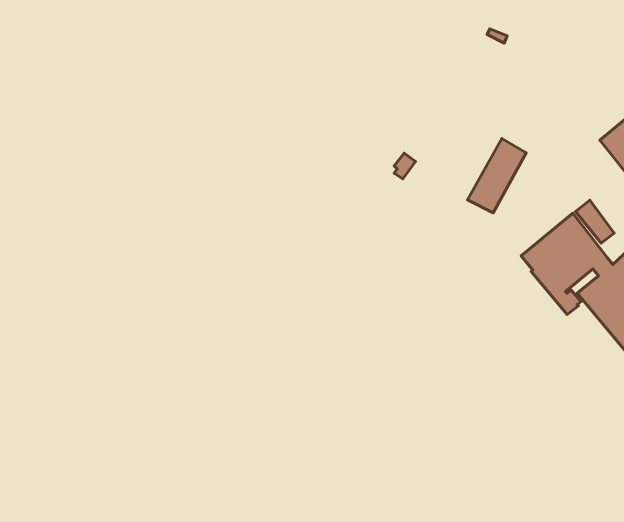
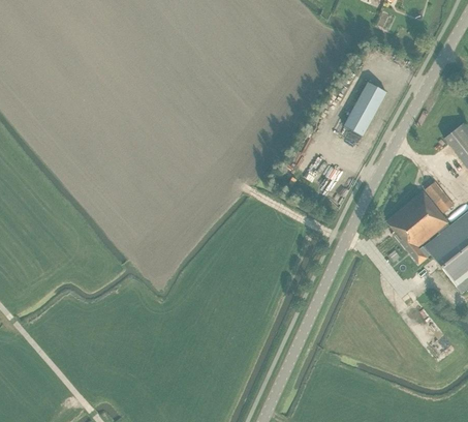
building: [467,138,526,213] -> [344,81,386,134]

